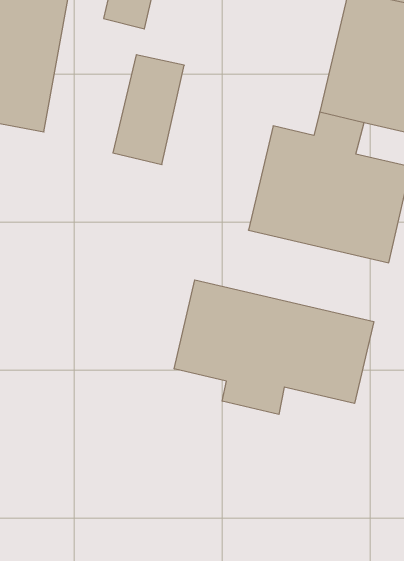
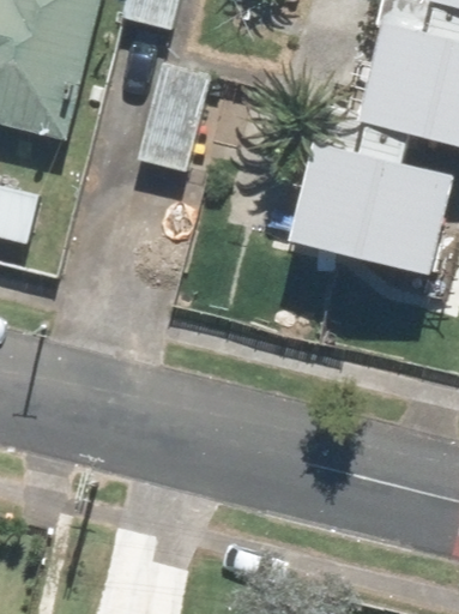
building: [174,280,374,414] -> none

